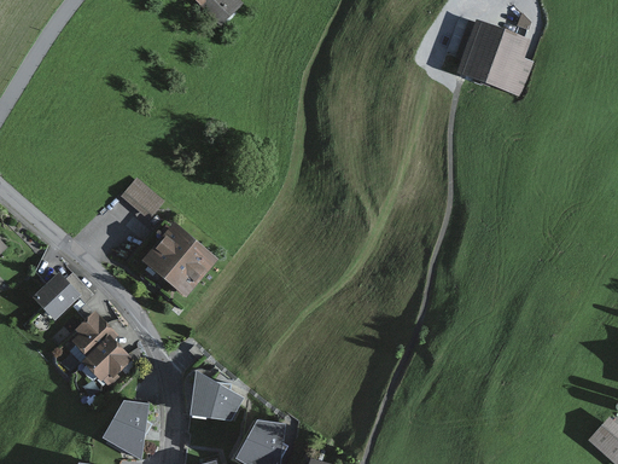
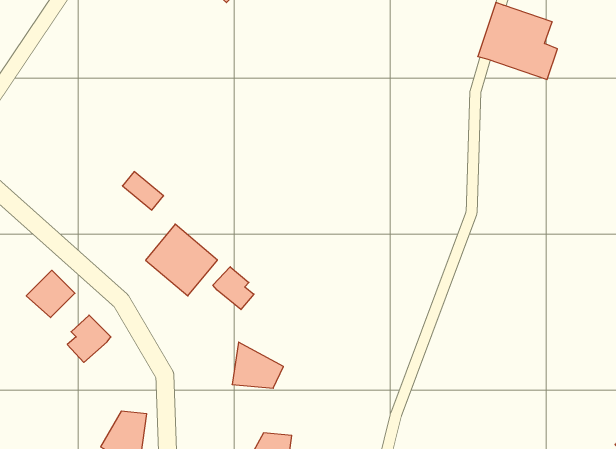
building: none -> [213,267,254,310]
building: [84,338,128,379] -> none
building: [190,377,238,420] -> [232,342,283,388]

